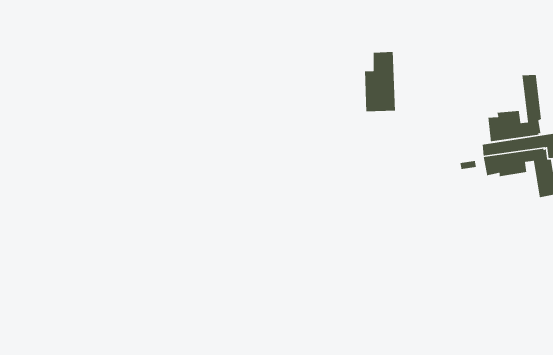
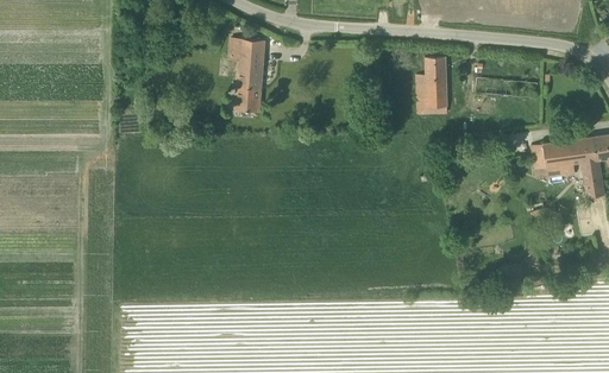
building: none -> [231,38,264,112]
building: [487,74,542,142] -> none

